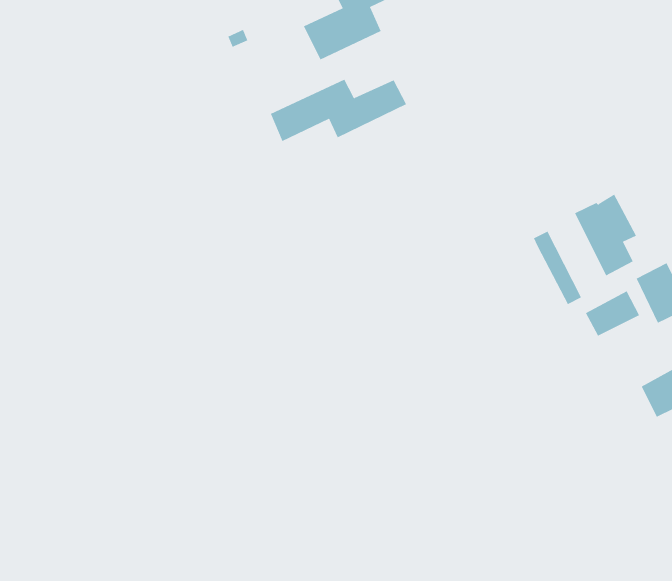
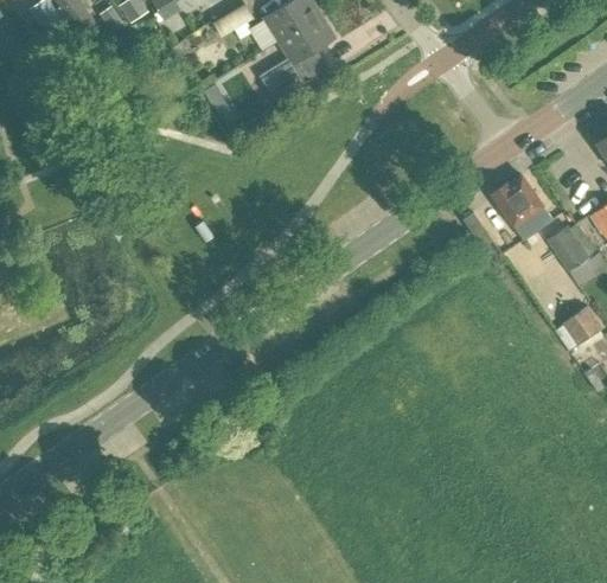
building: [270,79,407,142] -> none
building: [585,290,640,336] -> none

